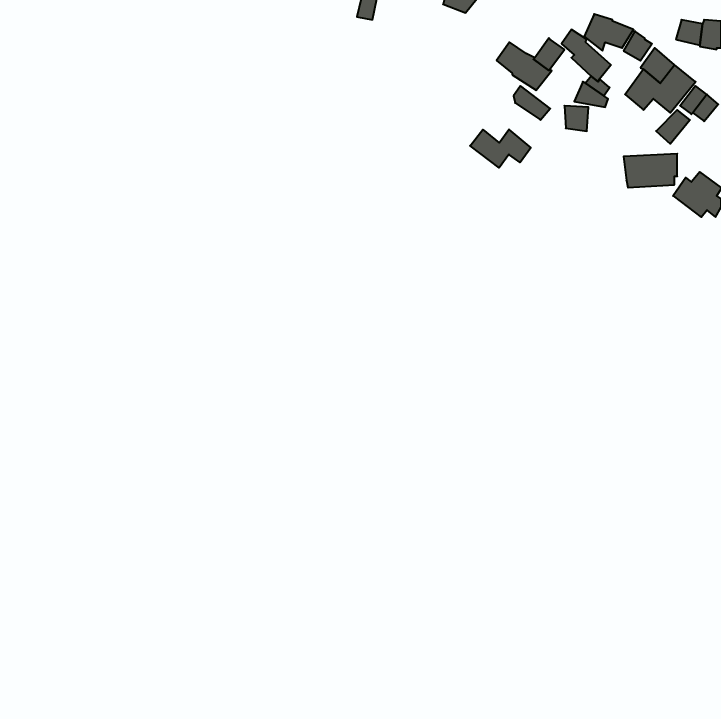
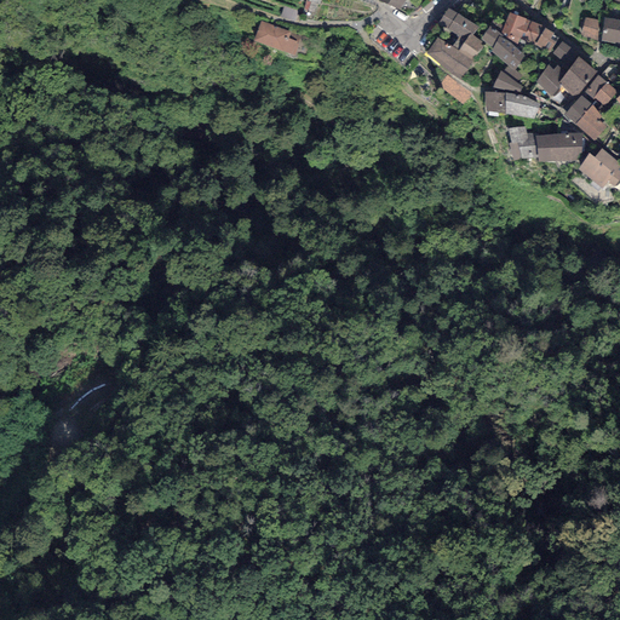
building: none -> [438,7,478,50]
building: none -> [254,19,303,54]
building: none -> [504,92,541,117]
building: none -> [575,103,608,139]
building: [470,129,531,168] -> none
building: none -> [507,125,536,160]

